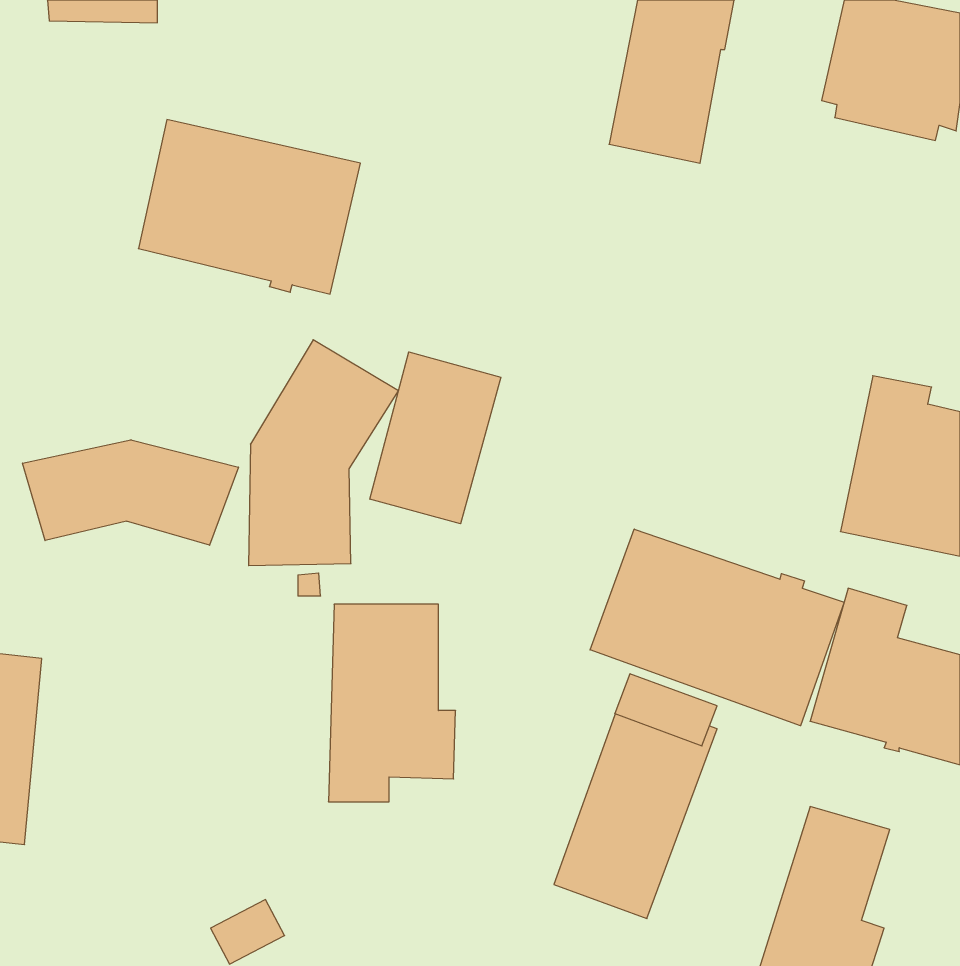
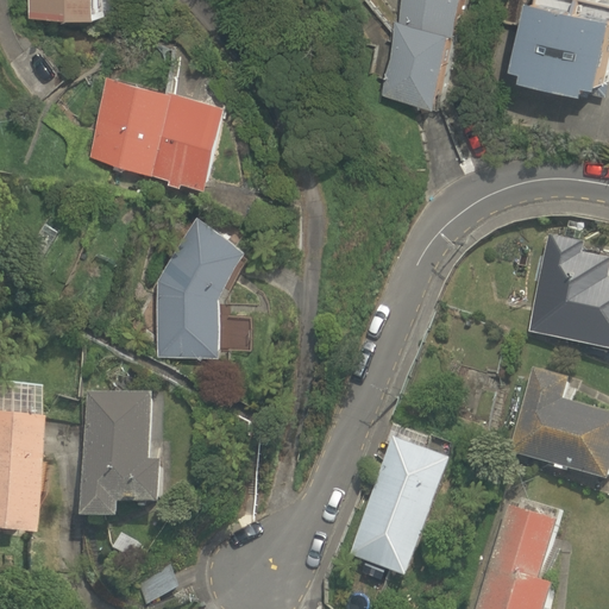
building: [370,352,501,524] -> none
building: [23,440,238,545] -> none
building: [590,529,844,726] -> none
building: [328,604,456,802] -> [82,394,162,517]

